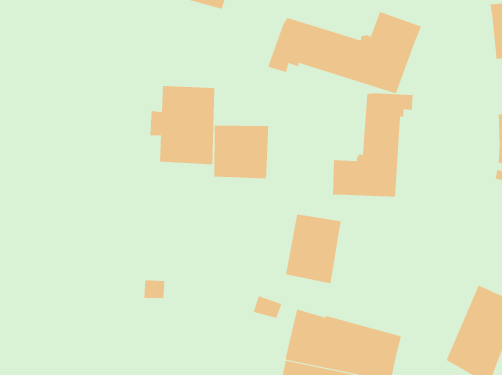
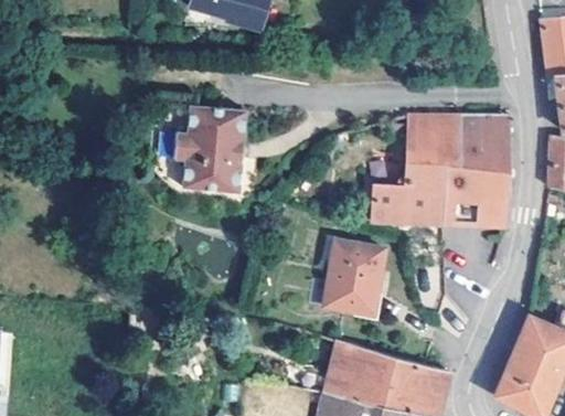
building: [267,11,422,94] -> none
building: none -> [440,110,513,225]
building: [214,125,269,179] -> none

